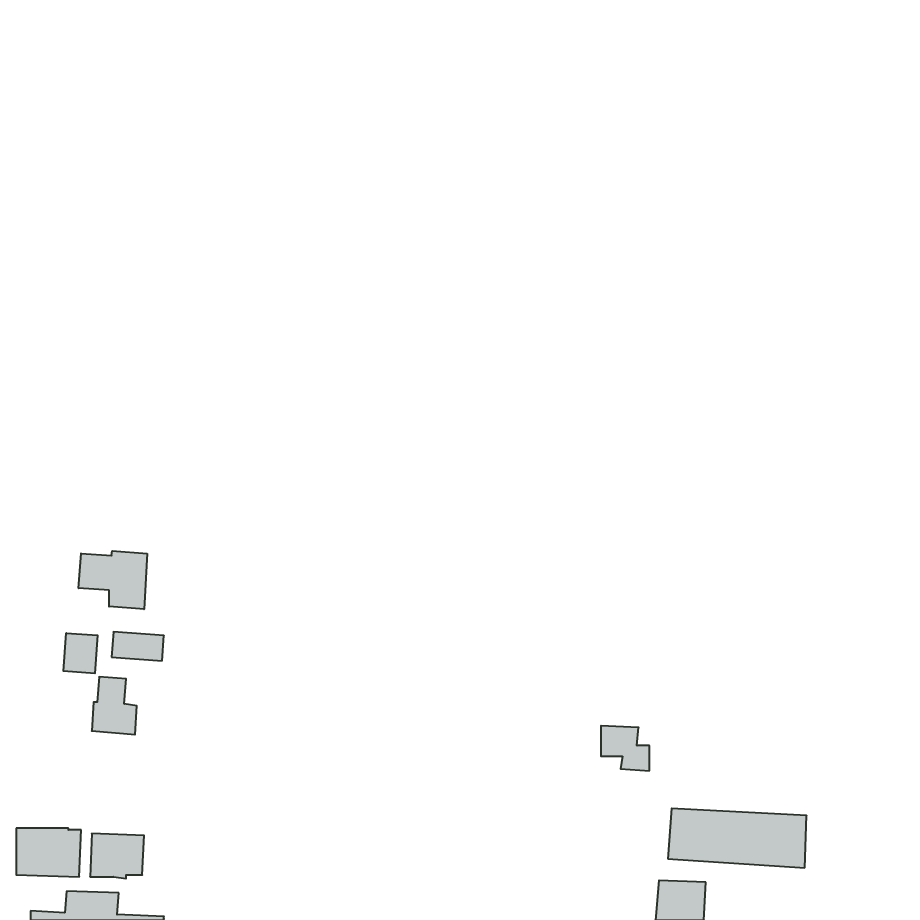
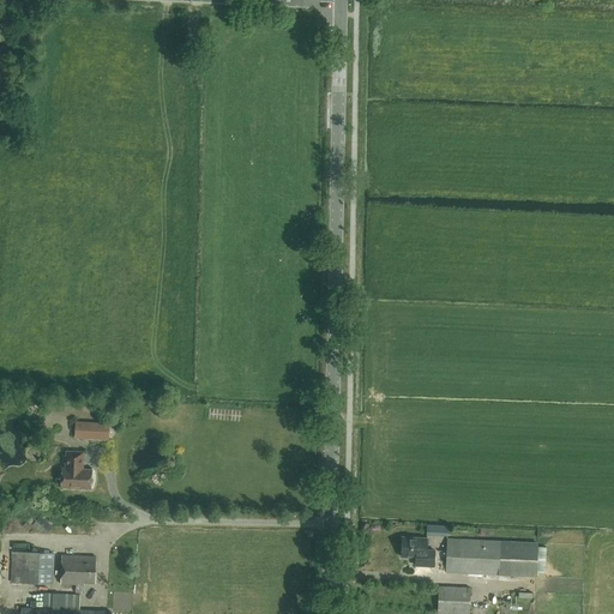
building: [79,551,147,609] -> none
building: [63,633,98,673] -> none
building: [601,726,649,771] -> [402,537,434,567]

